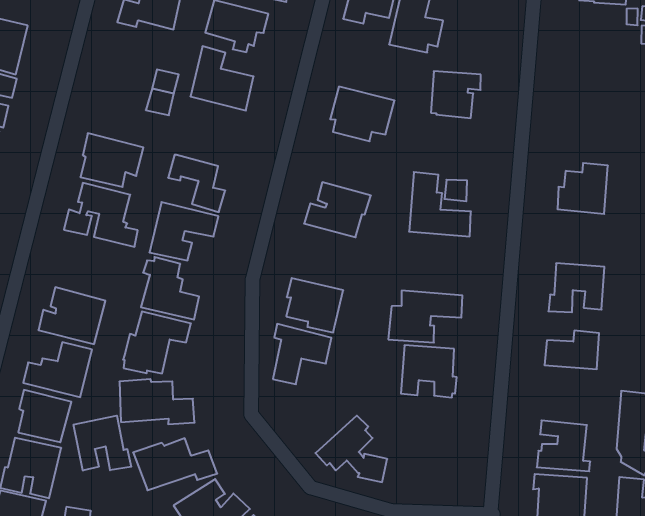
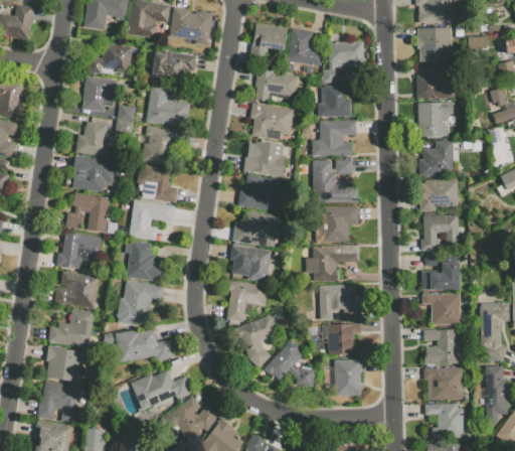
building: none -> [416,27,453,62]
building: none -> [323,40,363,83]
building: none -> [81,77,117,112]
building: none -> [254,68,298,102]
building: none -> [415,66,455,99]
building: none -> [75,122,110,157]
building: none -> [142,125,186,165]
building: none -> [413,103,454,137]
building: none -> [311,120,356,157]
building: none -> [243,140,286,176]
building: none -> [419,179,458,211]
building: none -> [231,211,278,248]
building: none -> [56,232,102,269]
building: none -> [315,205,358,243]
building: none -> [421,293,461,326]
building: none -> [230,315,278,368]
building: none -> [322,323,360,355]
building: [74,416,131,471] -> none
building: none -> [333,359,361,396]

